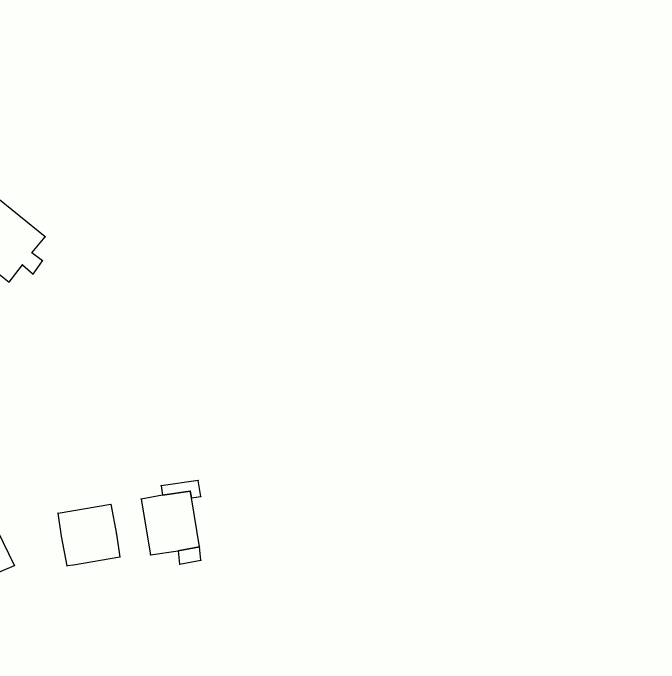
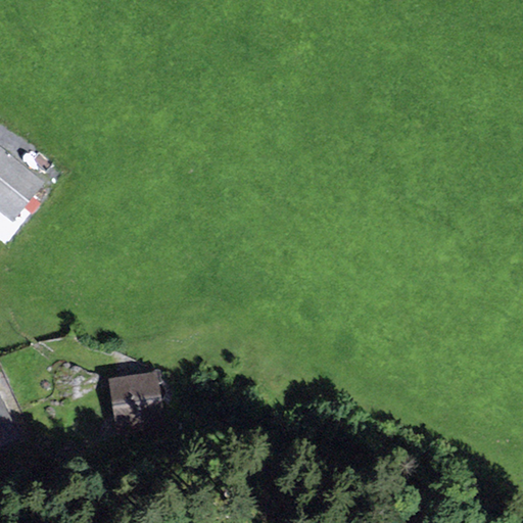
building: [58,504,120,566] -> none

